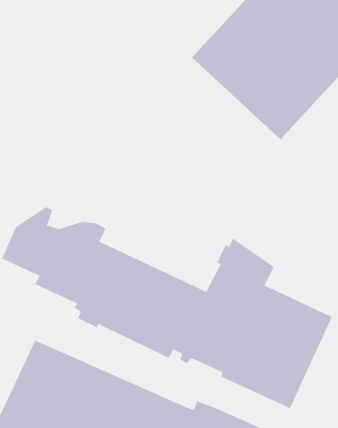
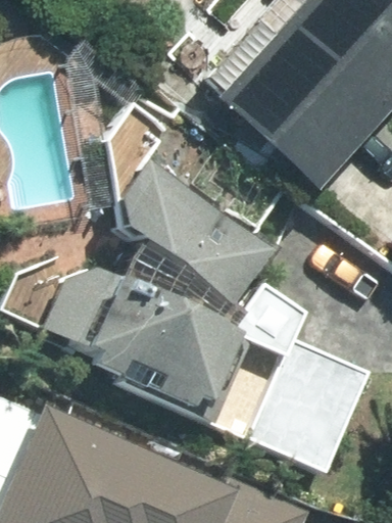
building: none -> [110,113,274,318]

